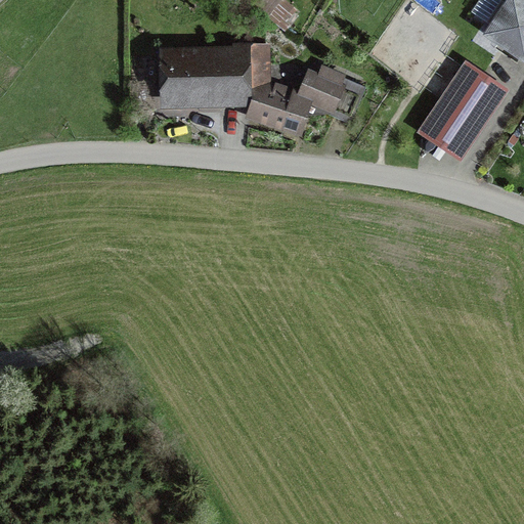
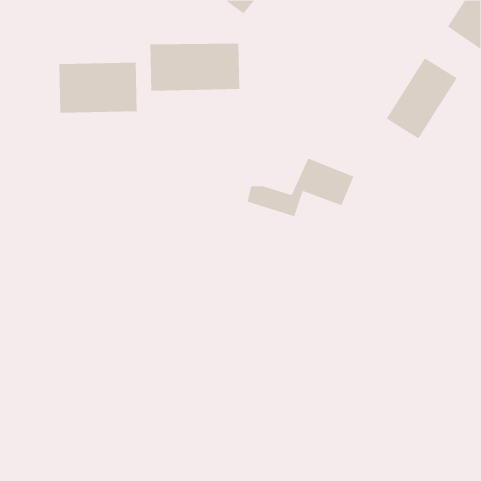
building: [244,67,360,131] -> [247,158,354,217]
building: none -> [59,62,137,113]

